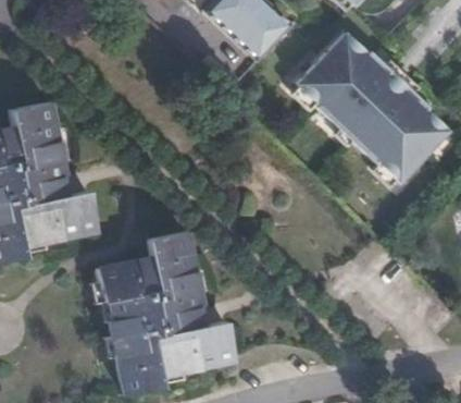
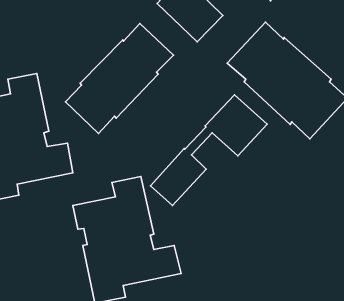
building: none -> [65,24,174,134]
building: none -> [151,95,267,206]

